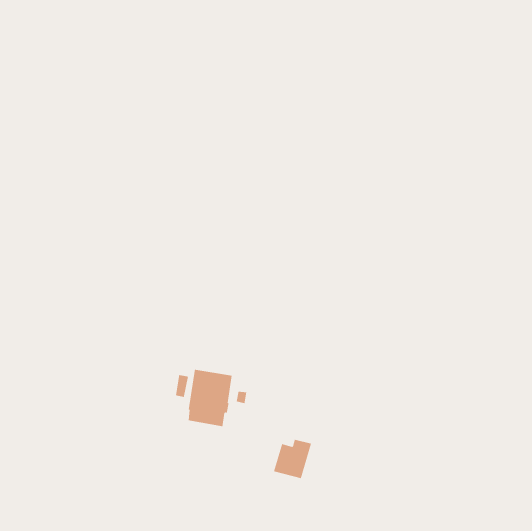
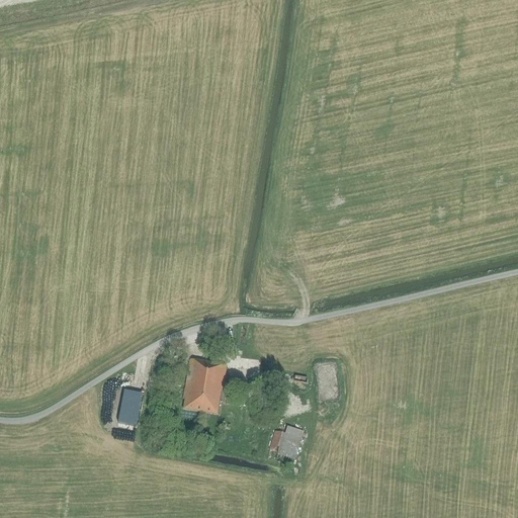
building: none -> [123,391,143,423]

